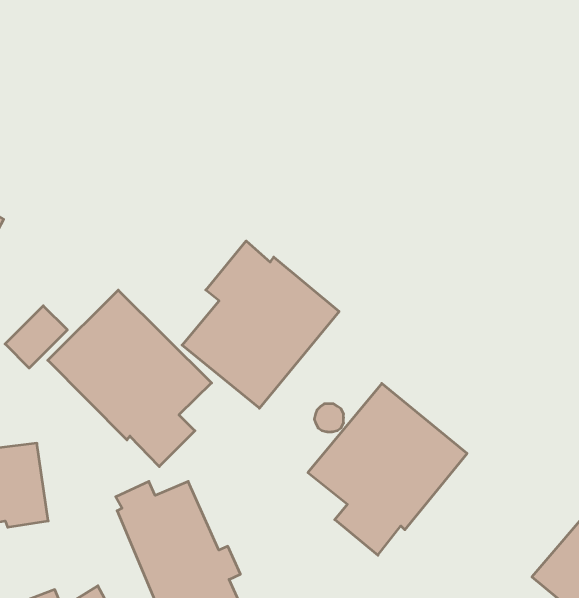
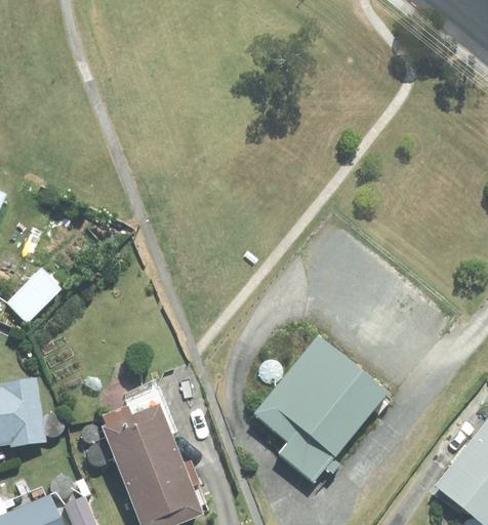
building: [182,241,339,408] -> none
building: [48,290,212,467] -> none

